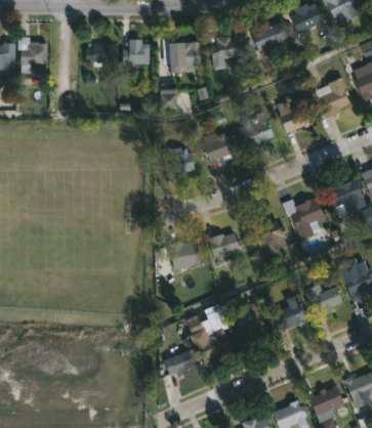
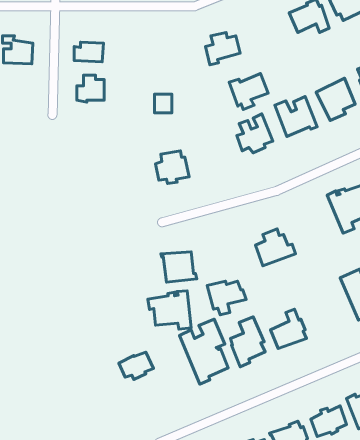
building: [250,20,287,54] -> [229,74,268,109]
building: [163,38,200,72] -> none
building: [123,39,149,65] -> [77,75,104,102]
building: [204,132,238,164] -> none
building: [282,198,325,239] -> none
building: [206,231,243,263] -> [207,281,246,315]
building: none -> [148,291,191,329]
building: [304,284,342,314] -> none
building: [163,350,196,376] -> [119,352,153,379]

